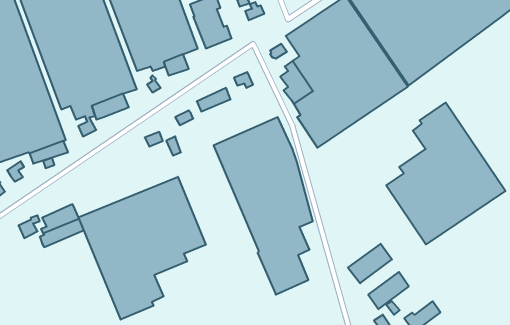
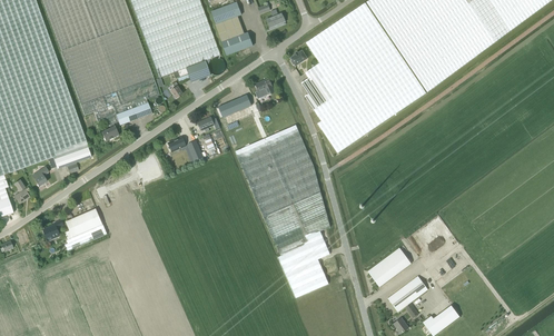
building: [386,103,505,244] -> none
building: [79,177,206,320] -> none

